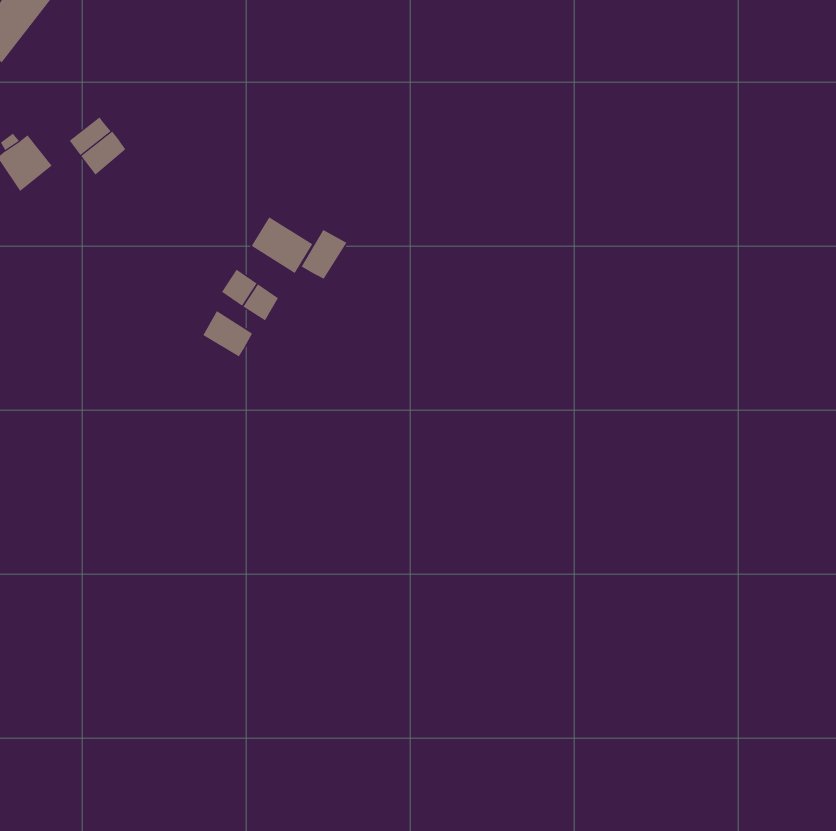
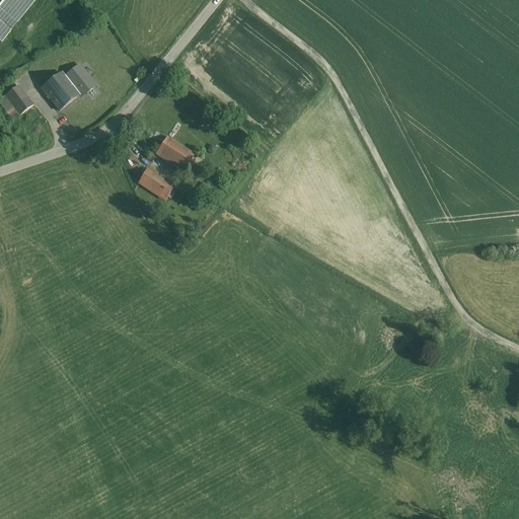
building: none -> [64,63,95,90]
building: [300,229,347,280] -> none
building: [202,310,253,359] -> none

